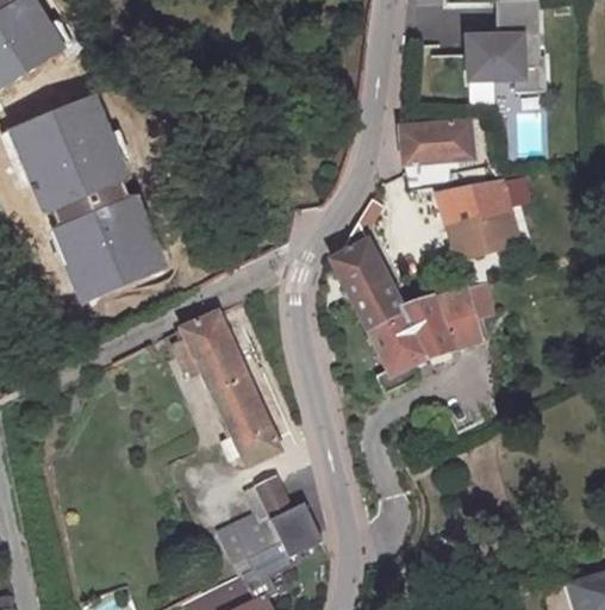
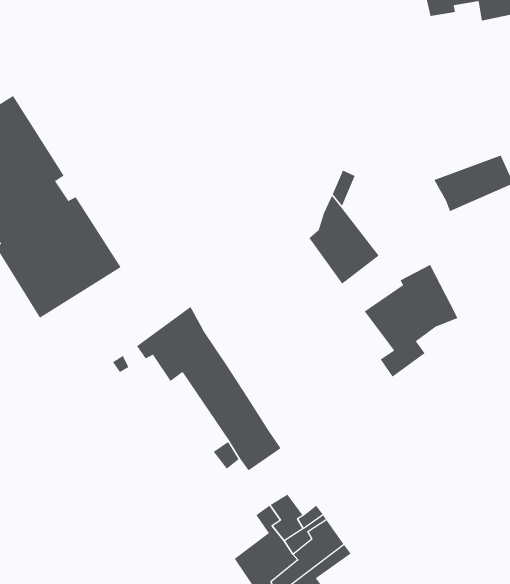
building: [404,123,478,166] -> none
building: [445,180,517,226] -> none
building: [355,286,408,334] -> none
building: [437,291,484,350] -> none

